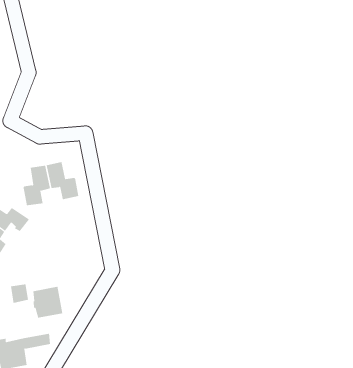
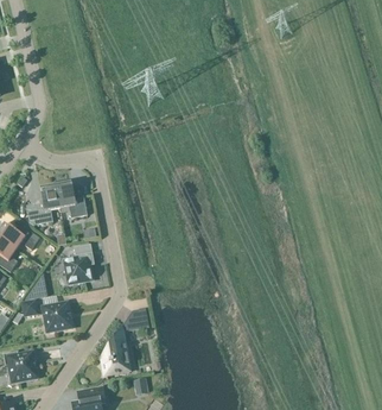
building: none -> [63,242,94,282]
building: none -> [101,307,148,373]

